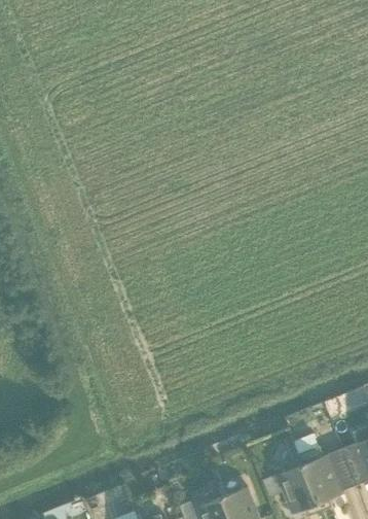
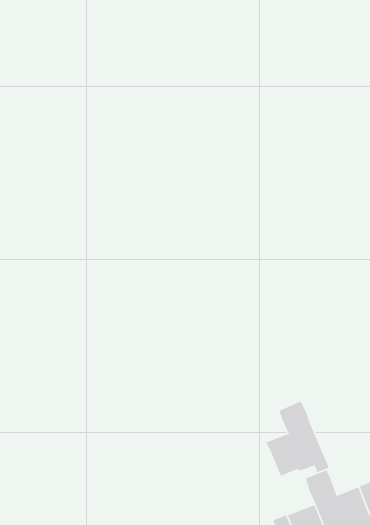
building: none -> [266,401,330,477]

